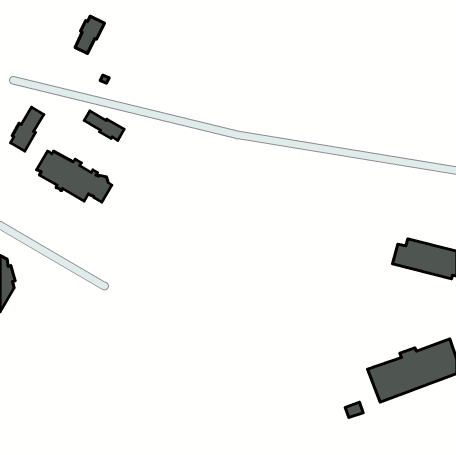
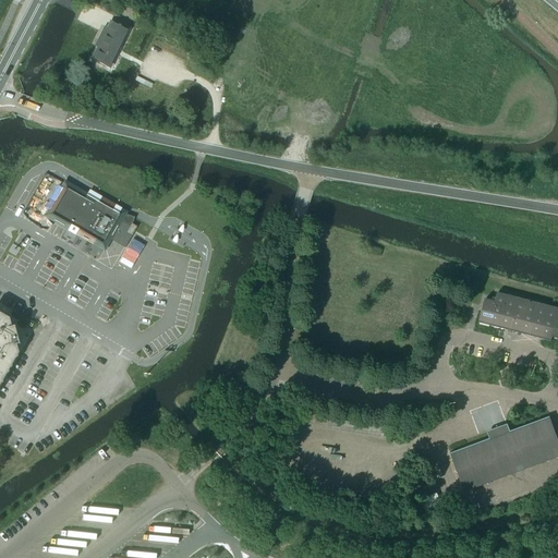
building: [10,107,44,151] -> none
building: [84,111,124,140] -> none

